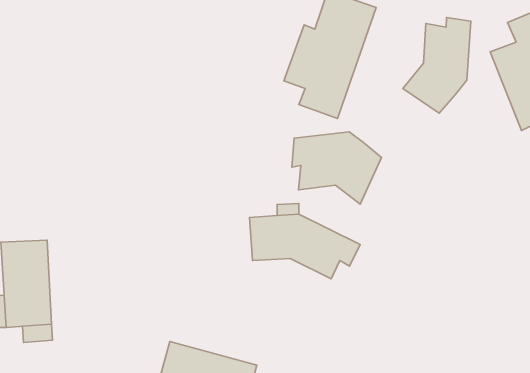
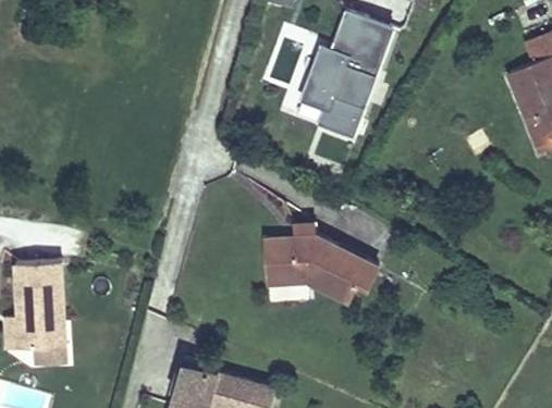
building: [403,17,471,113] -> none
building: [292,132,381,204] -> none

